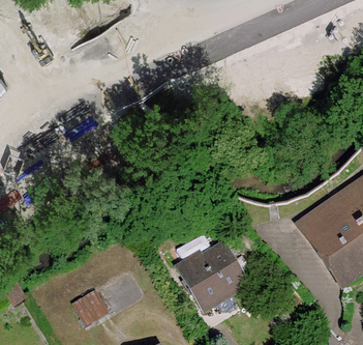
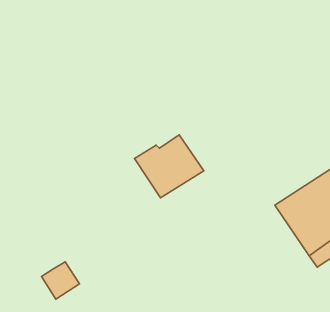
building: [174,243,243,307] -> [135,135,204,198]

